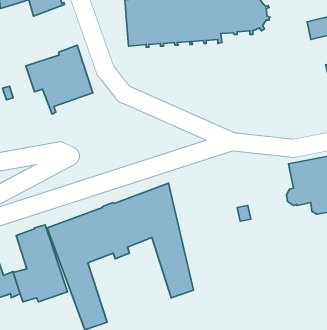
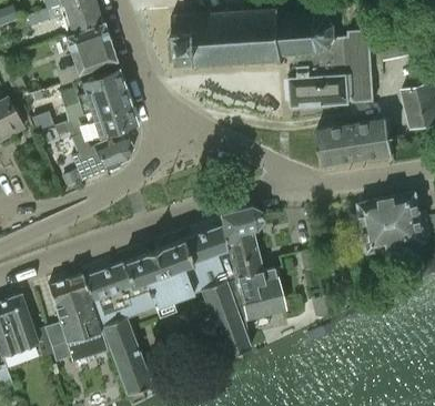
building: none -> [57,22,115,85]
building: none -> [289,31,375,108]
building: none -> [55,119,133,180]
building: none -> [316,119,393,166]
building: none -> [220,207,283,318]

